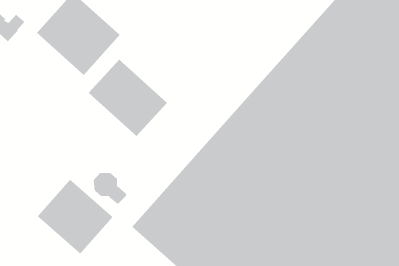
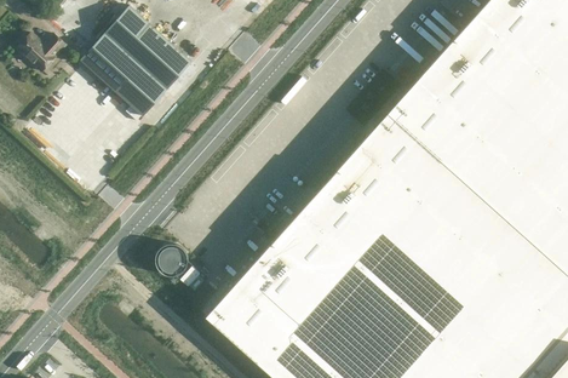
building: [88,59,168,137] -> none
building: [37,179,114,255] -> none

